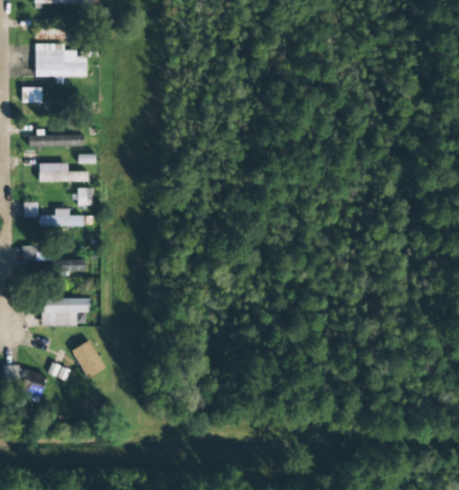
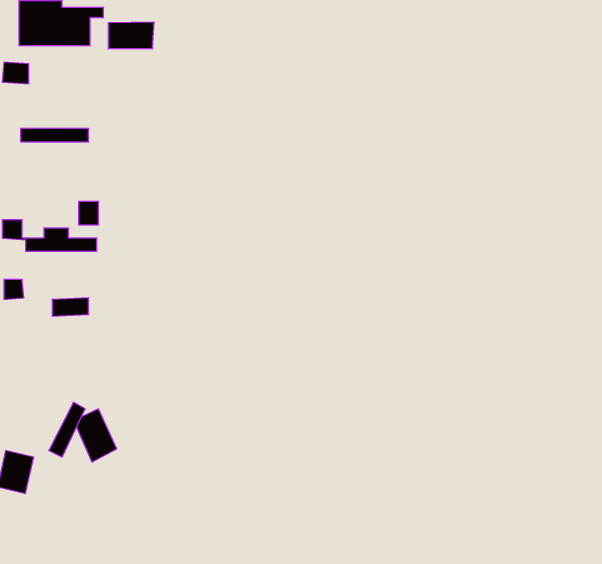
building: none -> [108,22,154,49]
building: [37,163,88,182] -> none
building: [41,297,88,324] -> none

